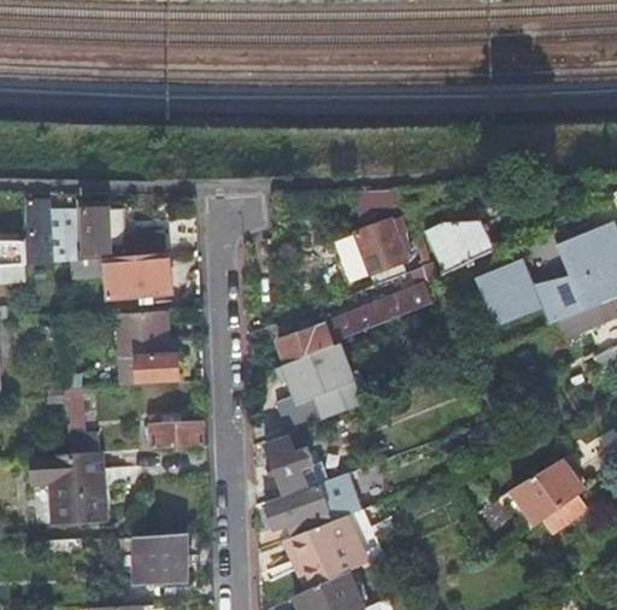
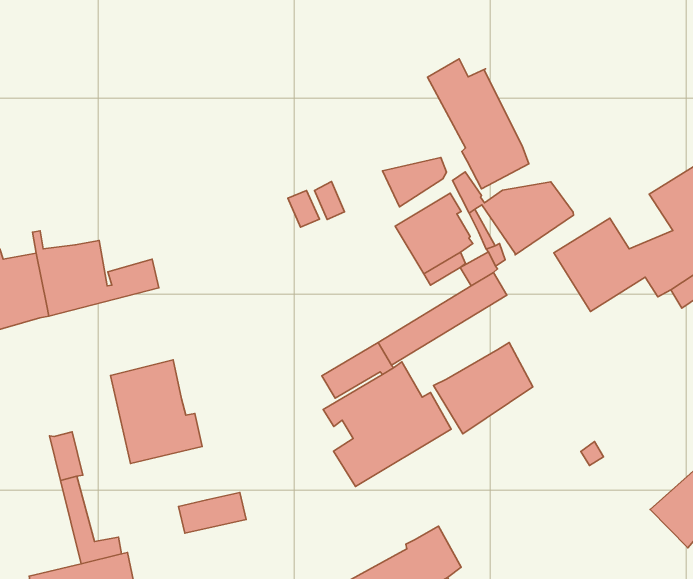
building: none -> [428,59,529,189]
building: [66,250,170,297] -> none
building: none -> [434,343,533,434]
building: [266,438,327,492] -> none

